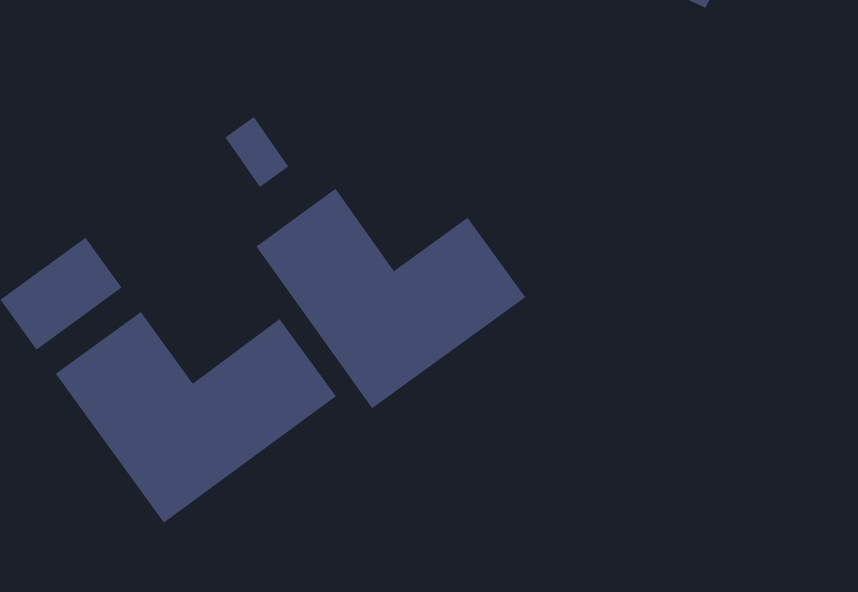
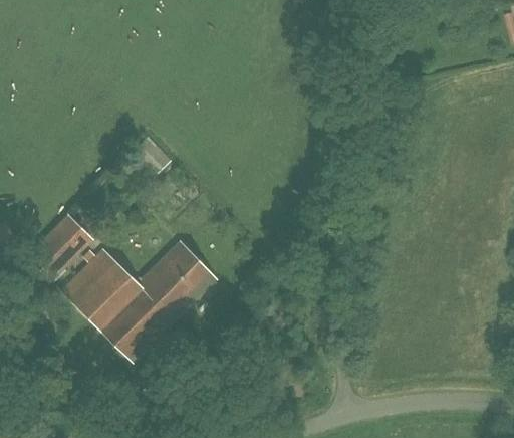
building: [255,188,526,409] -> none

